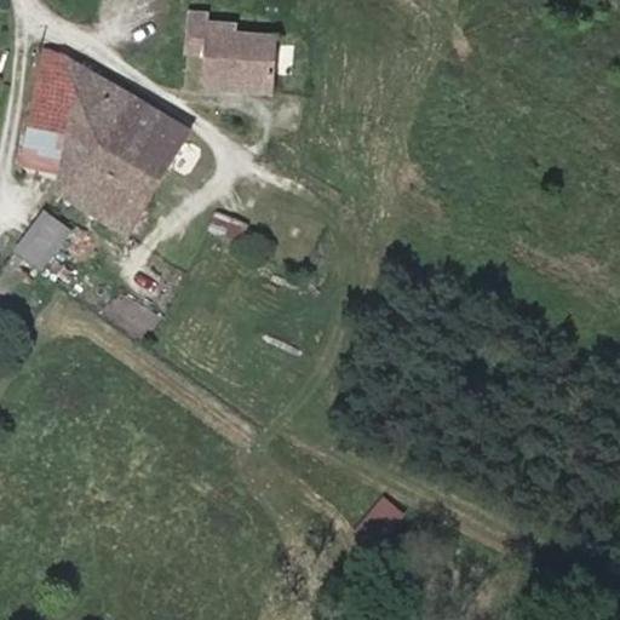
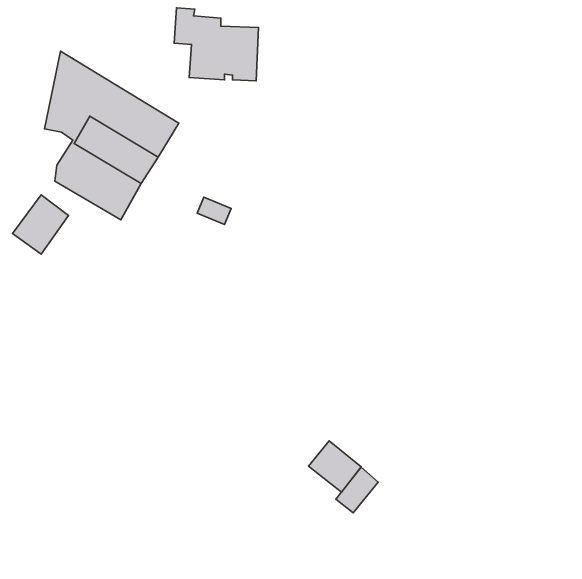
building: [21,46,78,176] -> none
building: none -> [309,441,361,492]

